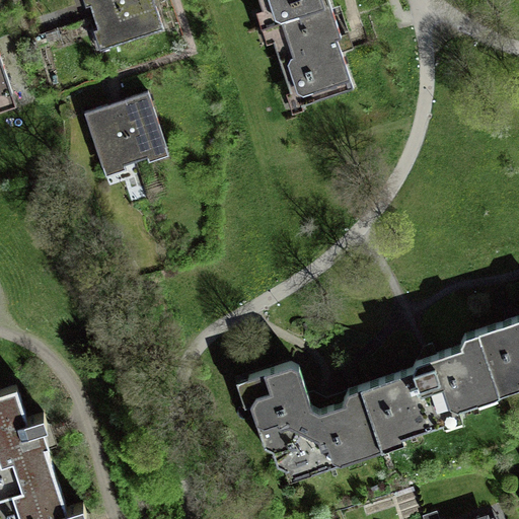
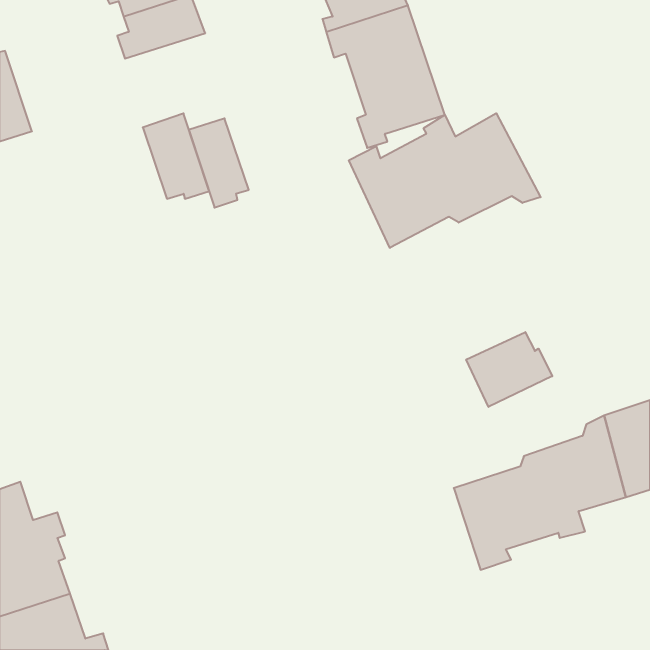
building: none -> [349,113,541,248]
building: [85,101,133,172] -> [189,118,249,208]
building: none -> [466,332,552,407]
building: [236,366,382,485] -> none

